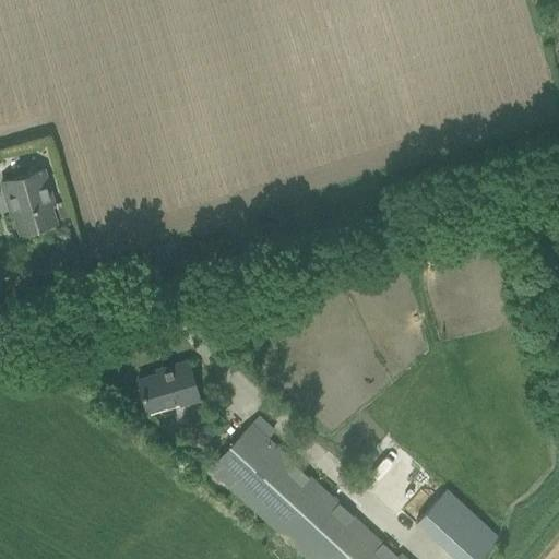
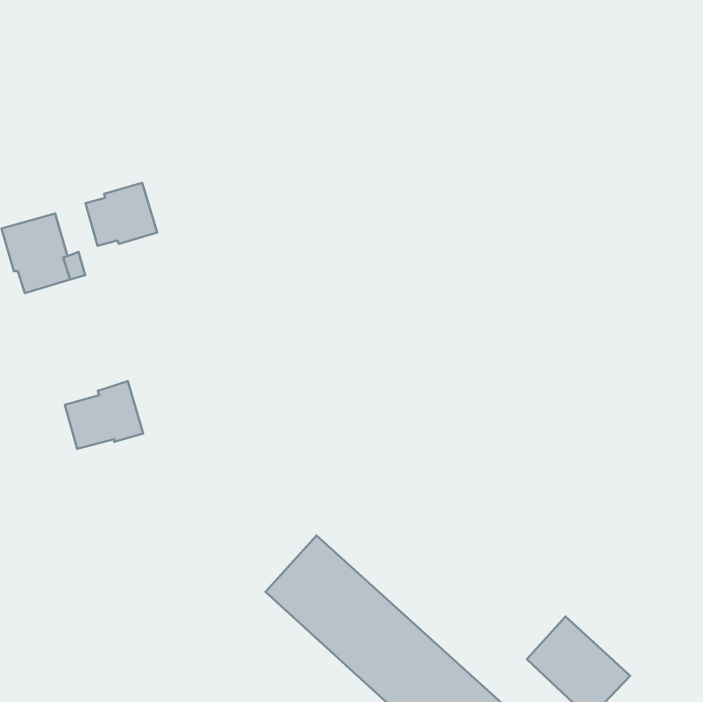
building: none -> [85,183,157,246]
building: [138,361,200,415] -> [65,381,143,449]

